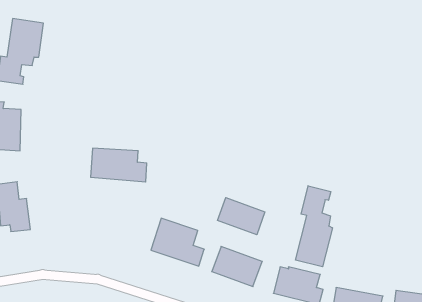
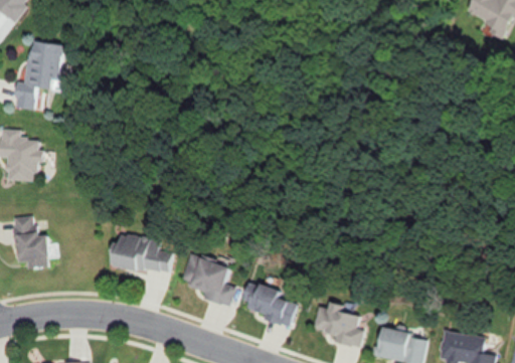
building: [91,148,147,182] -> [110,235,170,271]
building: [296,186,332,267] -> none
building: [218,198,265,235] -> none

